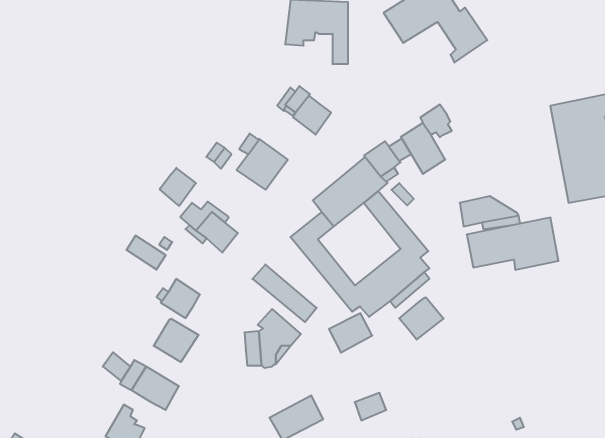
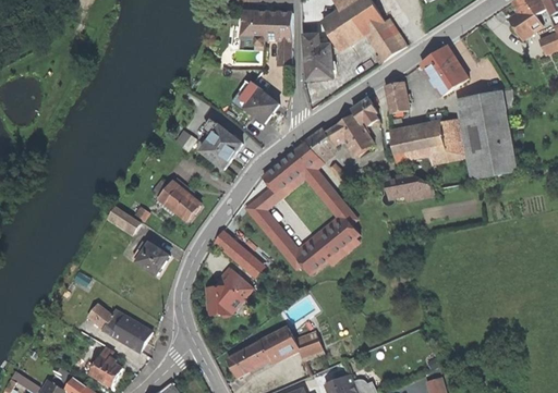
building: none -> [304,35,332,79]
building: none -> [420,46,468,96]
building: none -> [385,82,408,113]
building: [160,168,196,206] -> none
building: [467,218,559,270] -> [390,120,466,163]
building: [399,297,444,340] -> none
building: [329,313,372,353] -> [260,327,296,359]
building: [154,319,199,362] -> none

